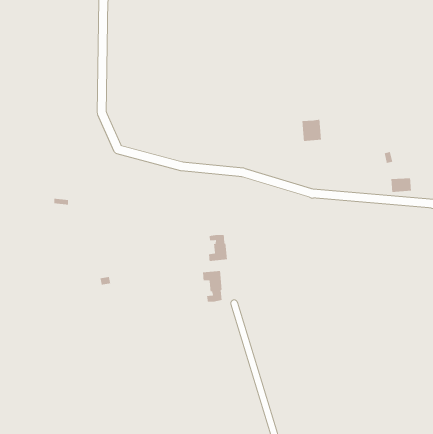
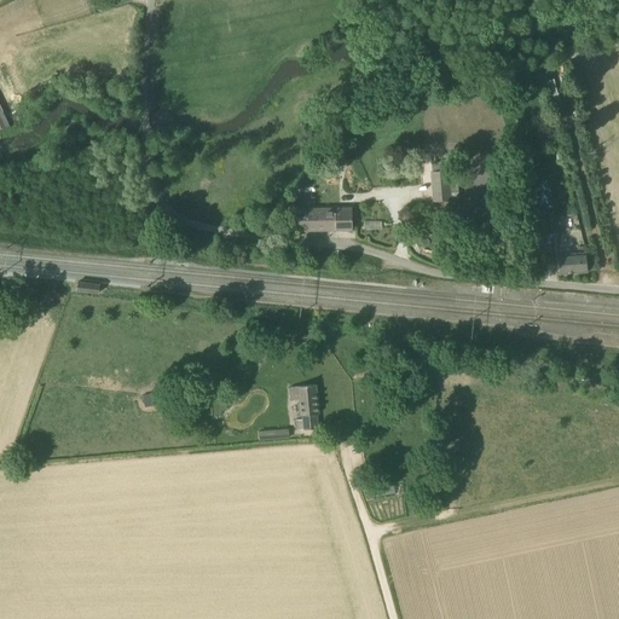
building: none -> [295,208,351,230]
building: [208,234,228,262] -> none

